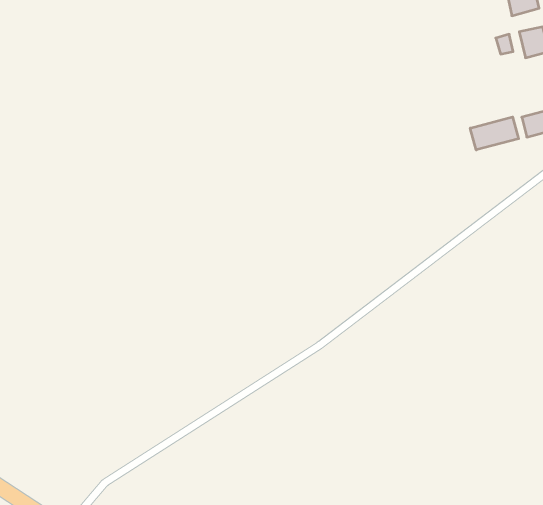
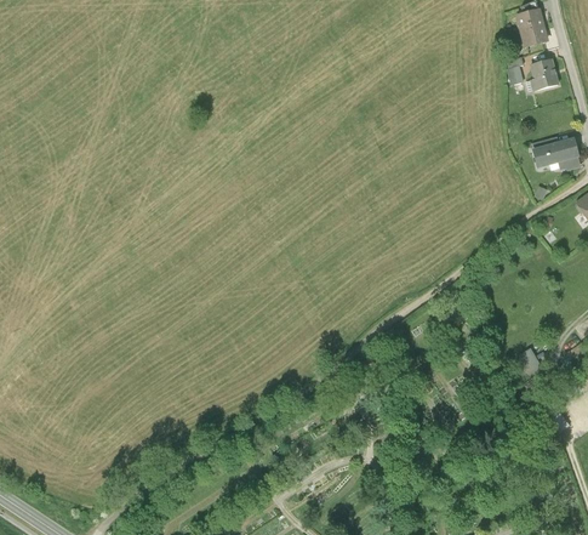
building: [470,117,519,150] -> none

